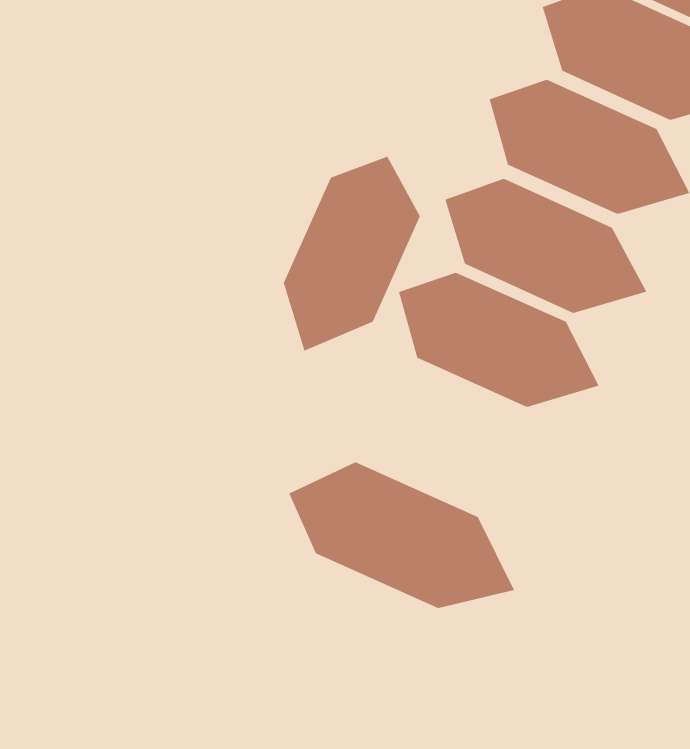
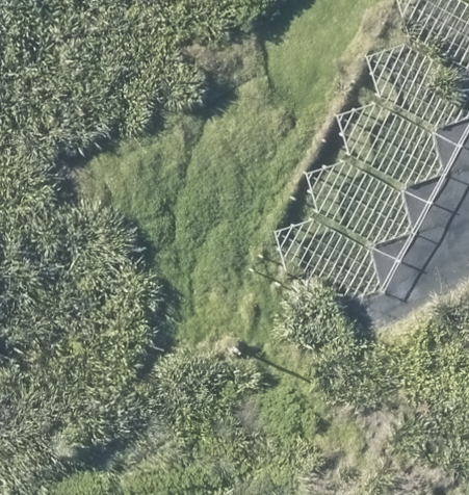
building: [283,156,420,351] -> none
building: [288,462,515,609] -> none

